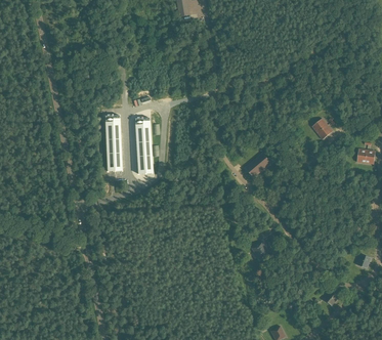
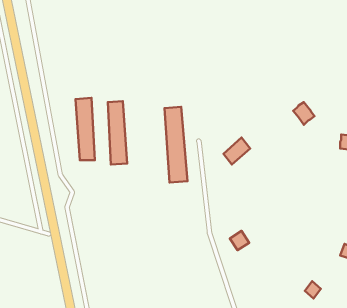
building: none -> [164,107,187,182]

